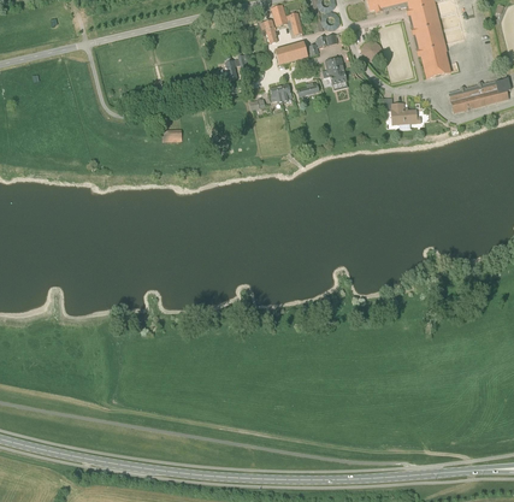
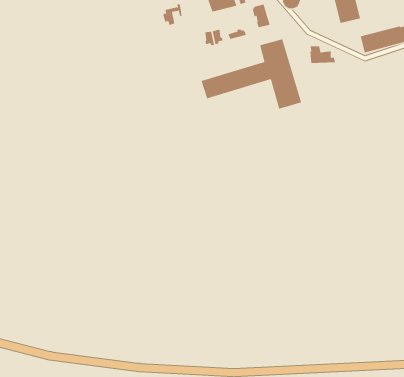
building: none -> [201,38,302,110]

